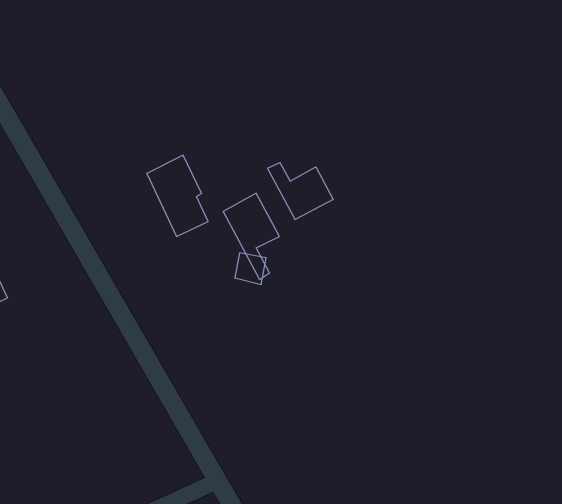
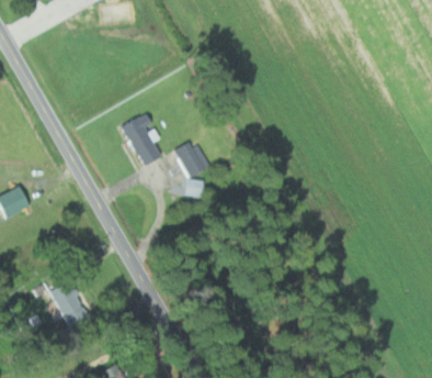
building: [268,163,333,220] -> none
building: none -> [42,282,82,324]

